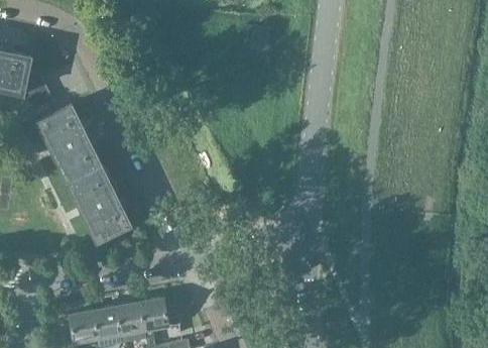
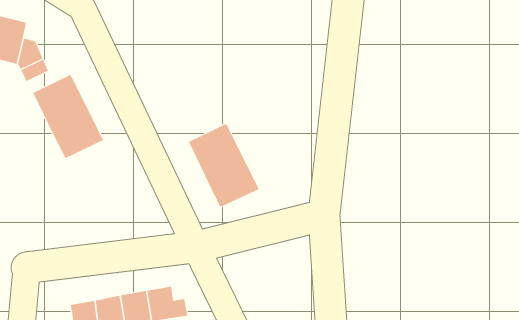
building: [66,163,131,241] -> [188,123,259,208]

